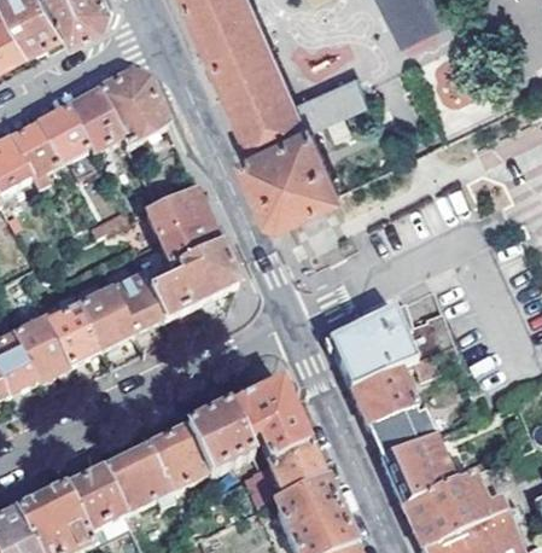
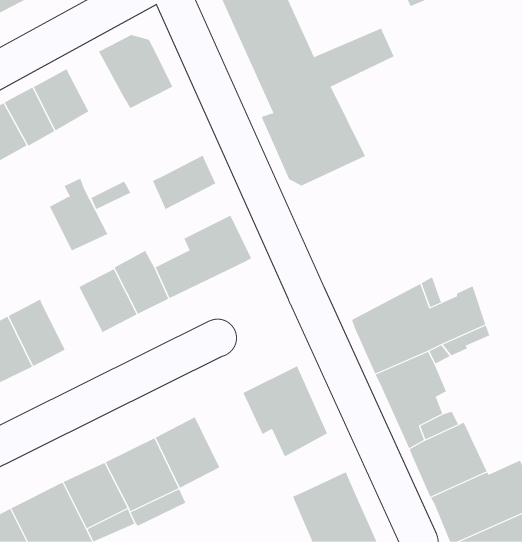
building: [65,89,118,151] -> none
building: [156,211,216,264] -> none
building: [43,297,98,365] -> [49,178,108,251]
building: [183,404,250,473] -> none
building: [250,442,322,496] -> none

